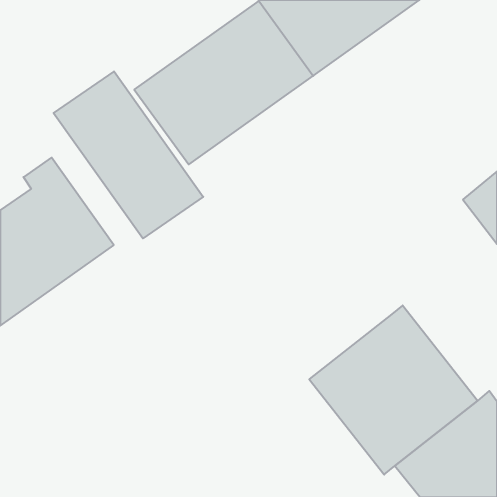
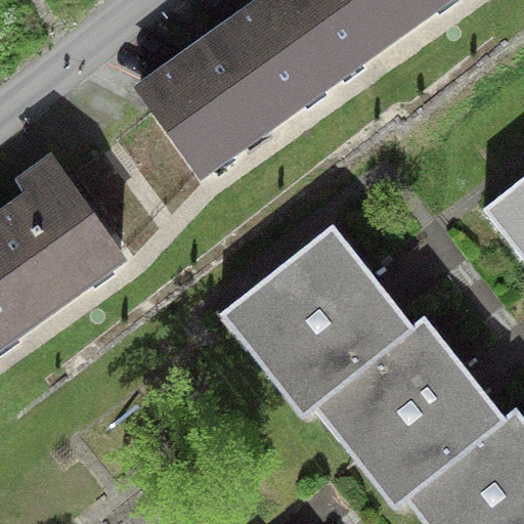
building: [54,71,203,238] -> none
building: none -> [235,230,412,407]

